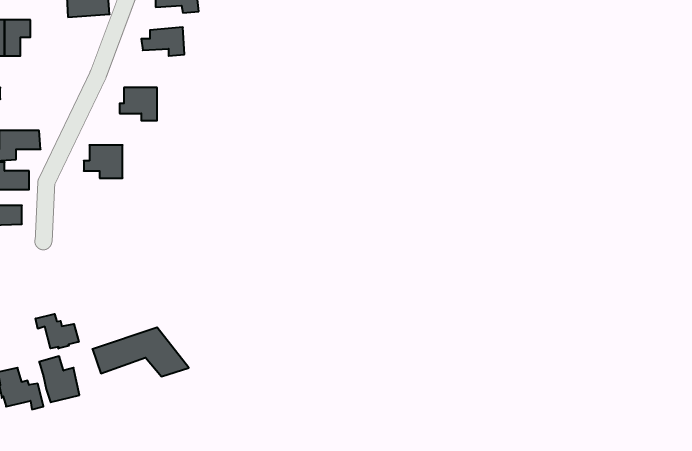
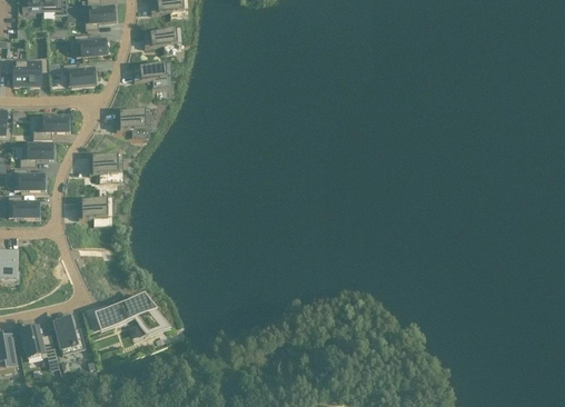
building: none -> [63,61,97,83]
building: none -> [32,116,70,138]
building: none -> [78,198,107,224]
building: [36,314,79,349] -> none

